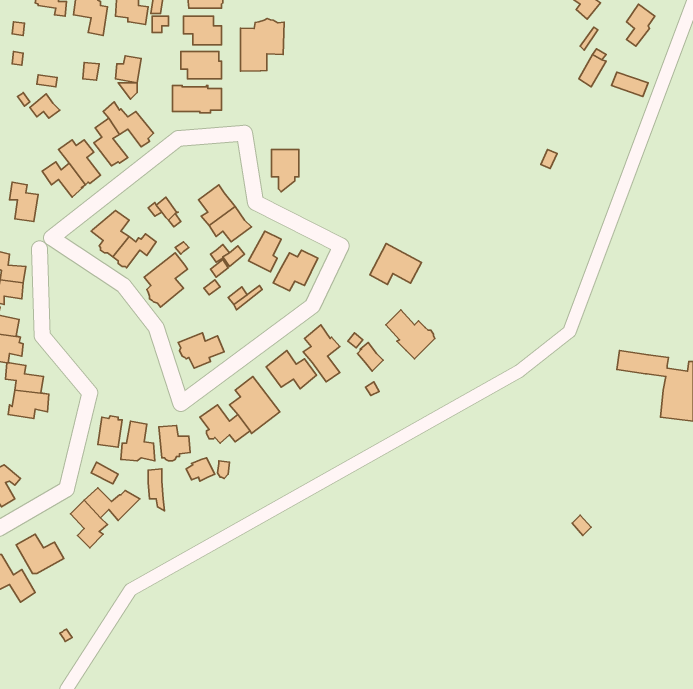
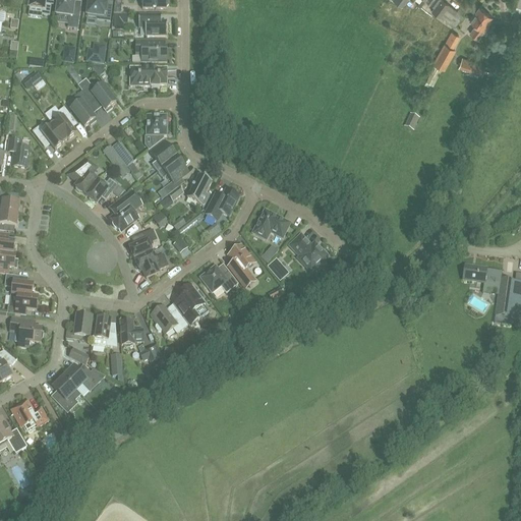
building: [240,18,284,71] -> none
building: [272,150,299,192] -> [146,113,166,144]
building: [370,244,421,284] -> [251,207,290,237]
building: none -> [128,227,157,256]
building: none -> [9,315,43,345]

